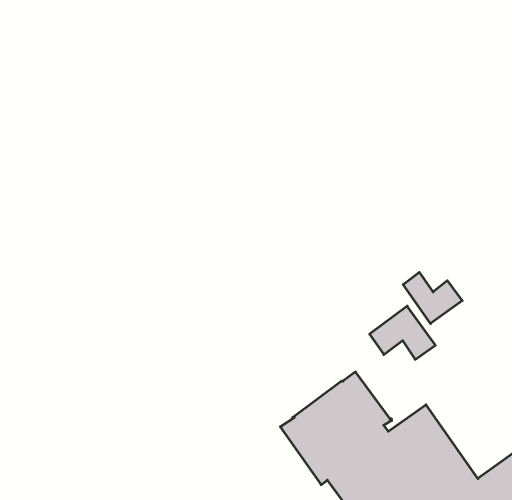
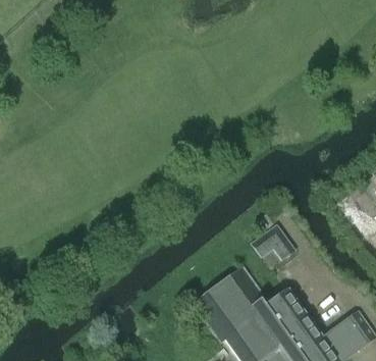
building: [403,272,462,324] -> none

